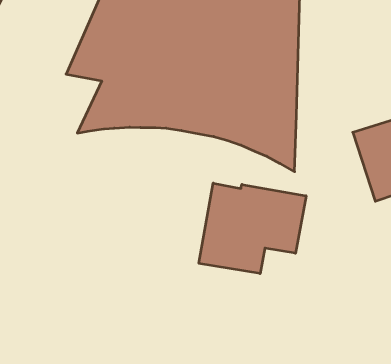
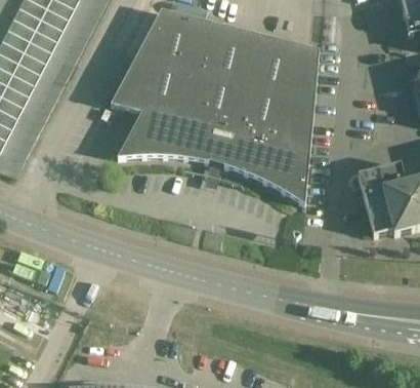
building: [199,183,306,274] -> none

